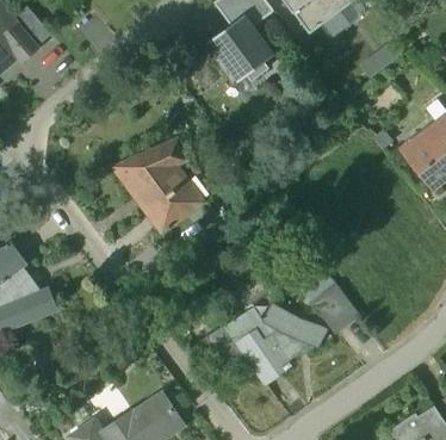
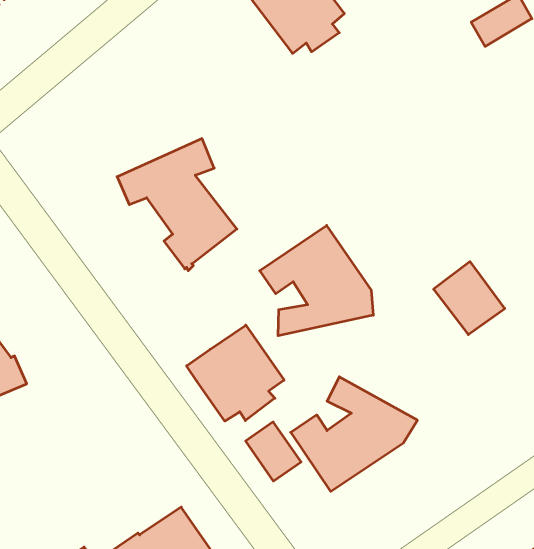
building: none -> [260,225,373,336]
building: none -> [187,325,284,421]
building: [309,284,358,334] -> [434,262,505,335]

